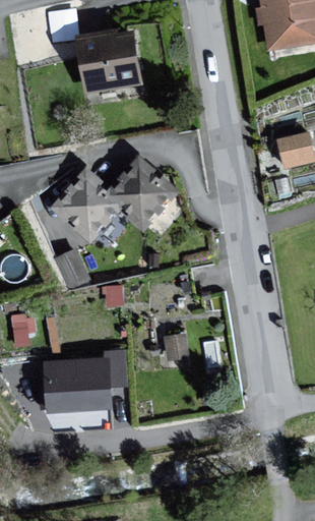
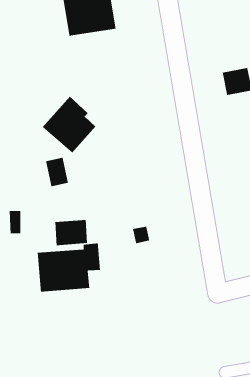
building: [107,161,176,229] -> none
building: none -> [55,219,88,246]

